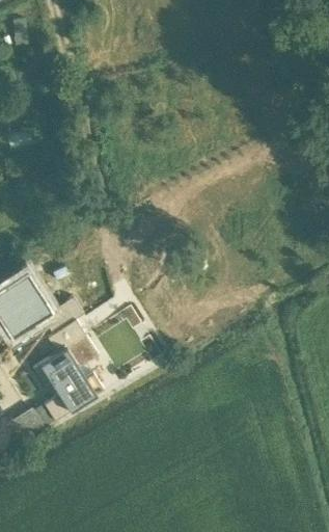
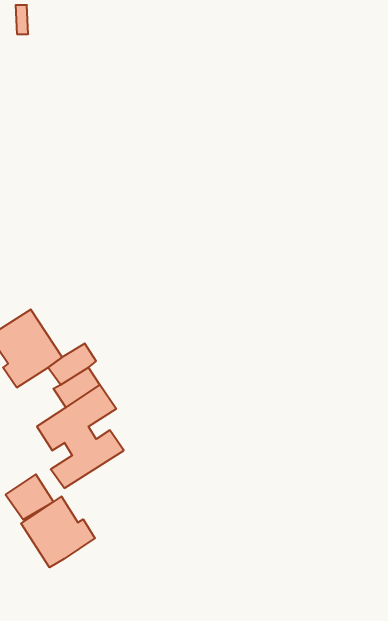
building: none -> [21,496,95,567]

